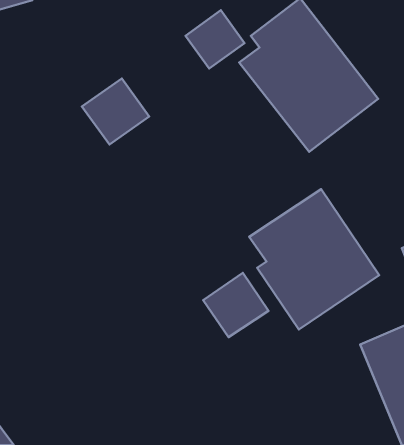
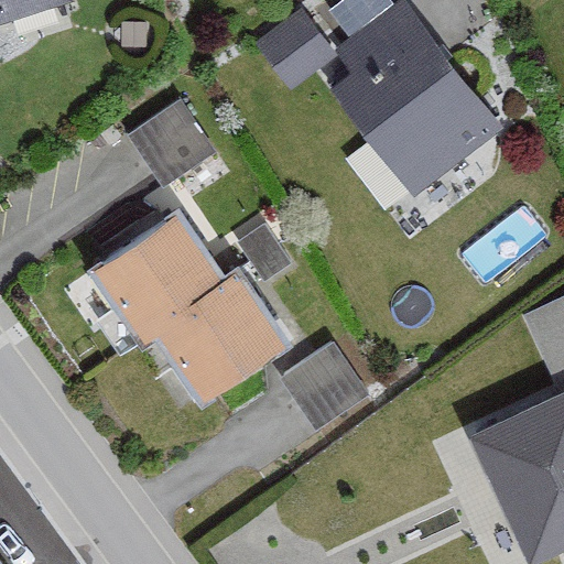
building: none -> [98,216,291,398]
building: [249,189,379,329] -> none

